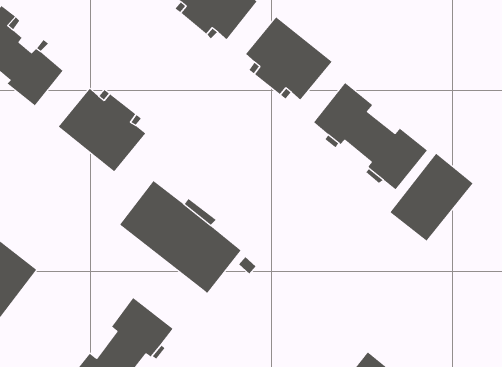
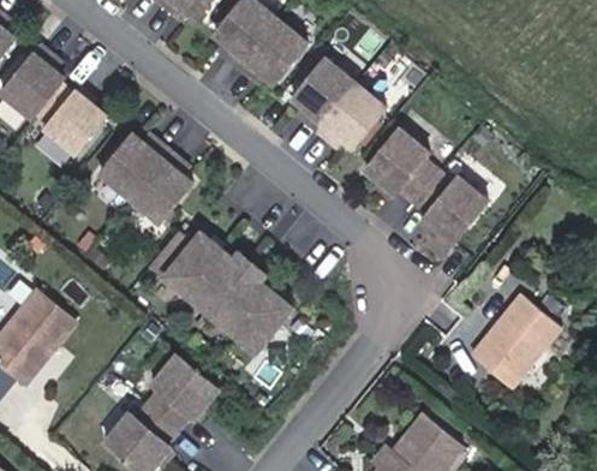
building: [389,153,473,242] -> [471,291,560,384]

